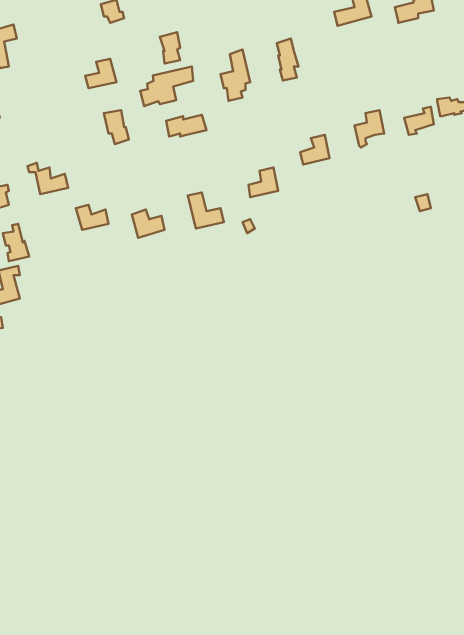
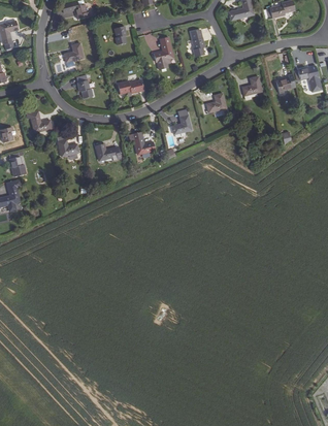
building: [140,66,193,106] -> none

